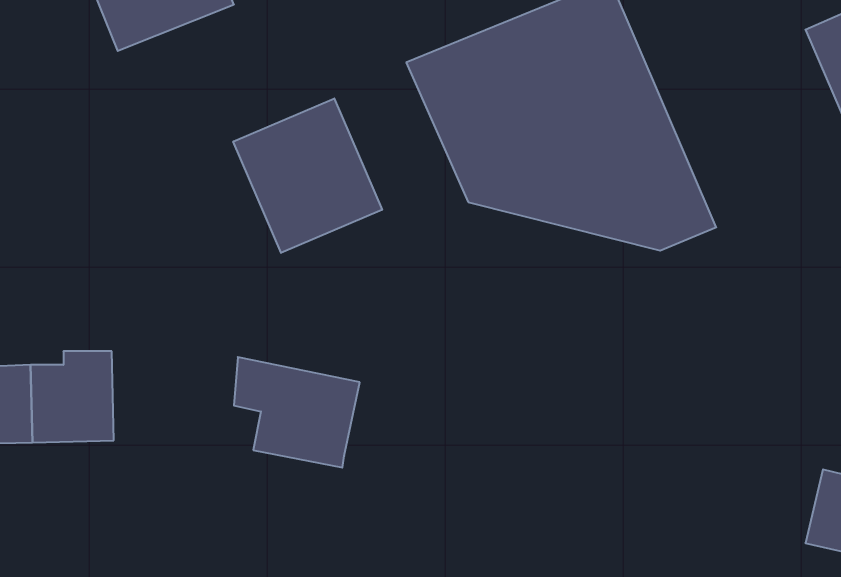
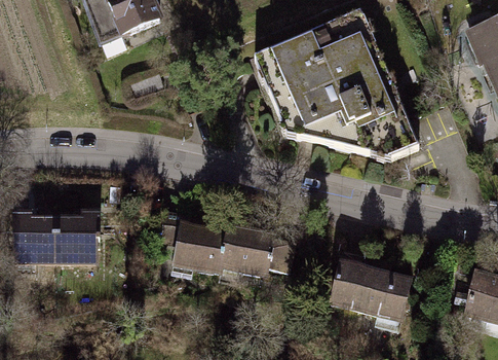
building: [233,98,382,253] -> none
building: none -> [222,225,296,273]
building: none -> [330,250,411,317]

